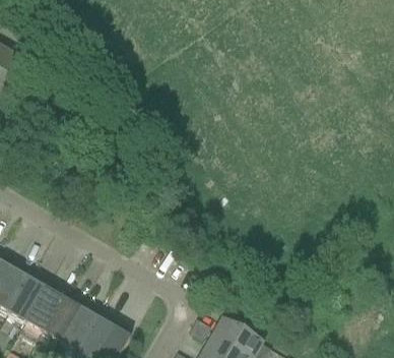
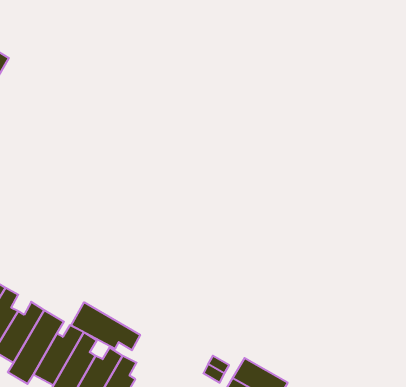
building: none -> [71,302,140,350]

